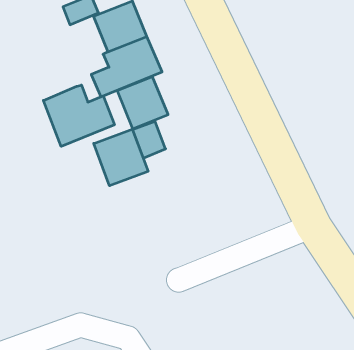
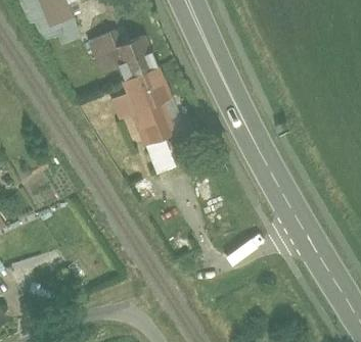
building: [43,85,114,146] -> none
building: [94,129,148,186] -> none

